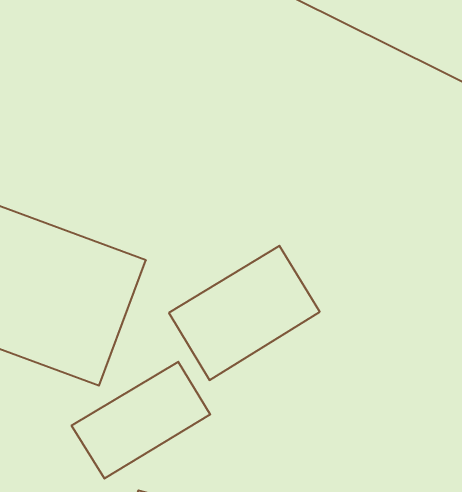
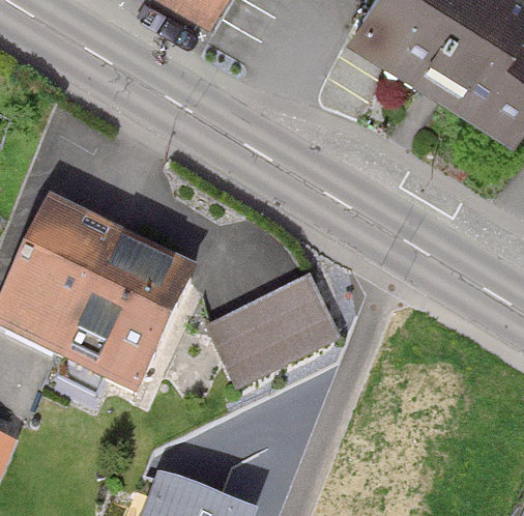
building: [72,362,210,479] -> none

